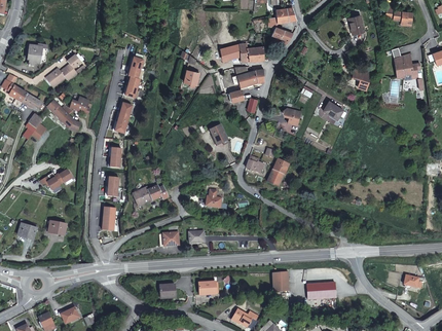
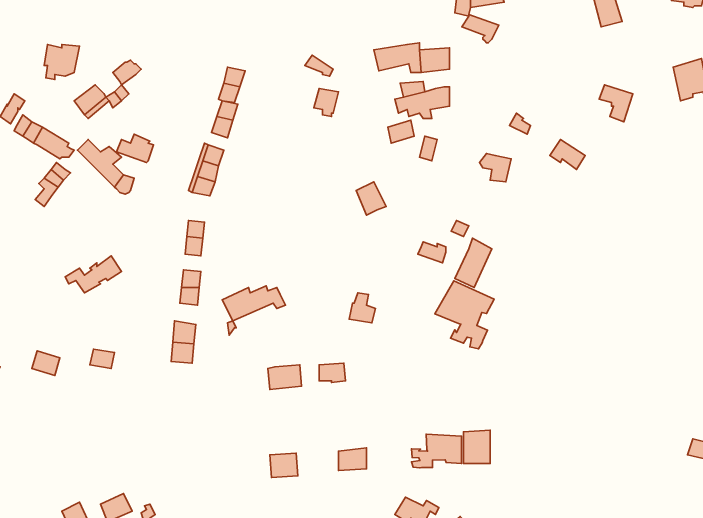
building: none -> [435,281,494,349]
building: none -> [411,434,462,468]
building: [306,282,335,299] -> none

